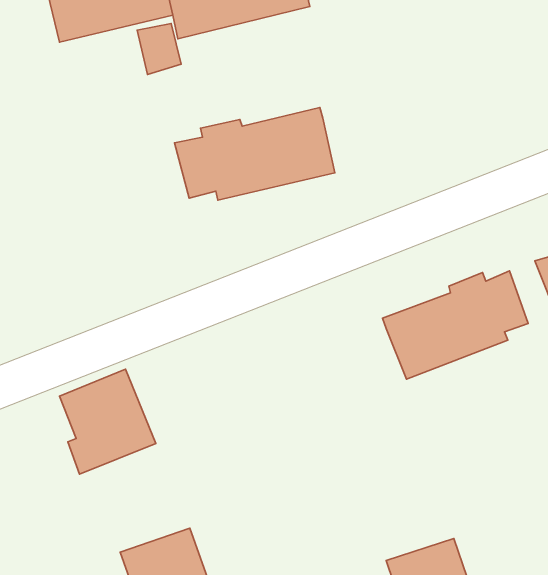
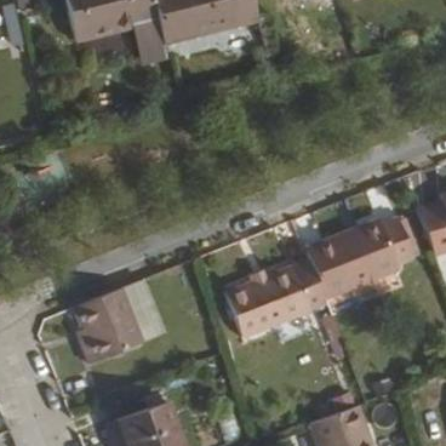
building: [175,107,335,200] -> none
building: none -> [228,255,330,337]

